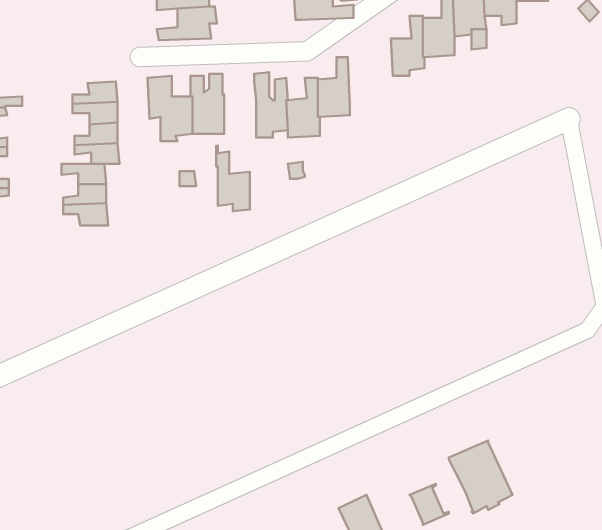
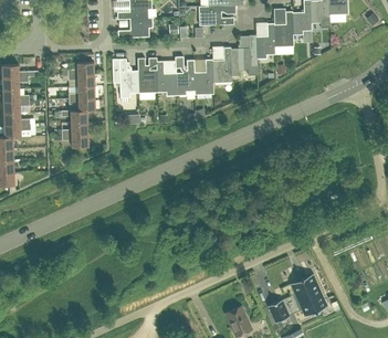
building: none -> [230,34,258,75]
building: [216,146,250,211] -> [156,56,176,95]

